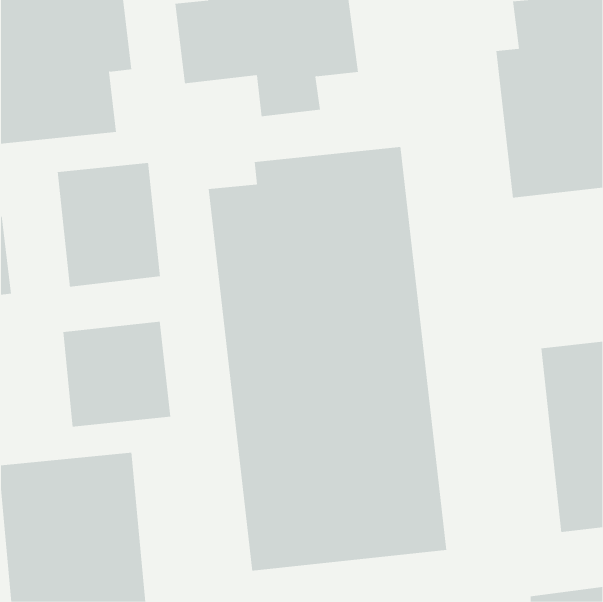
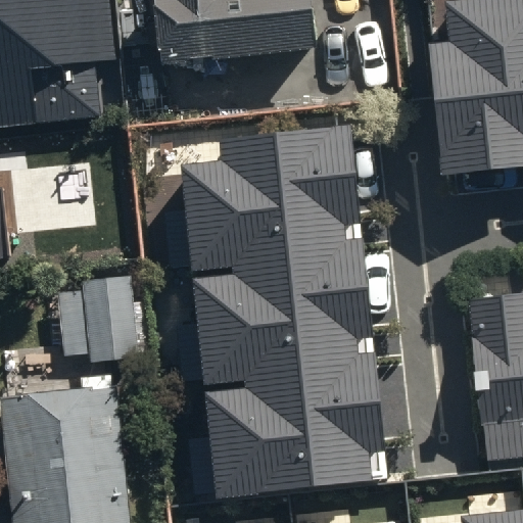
building: [57,162,161,288] -> none

